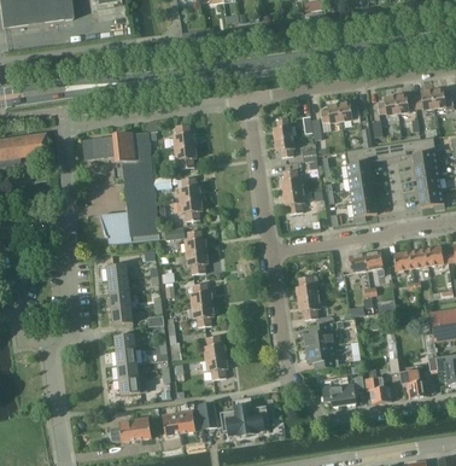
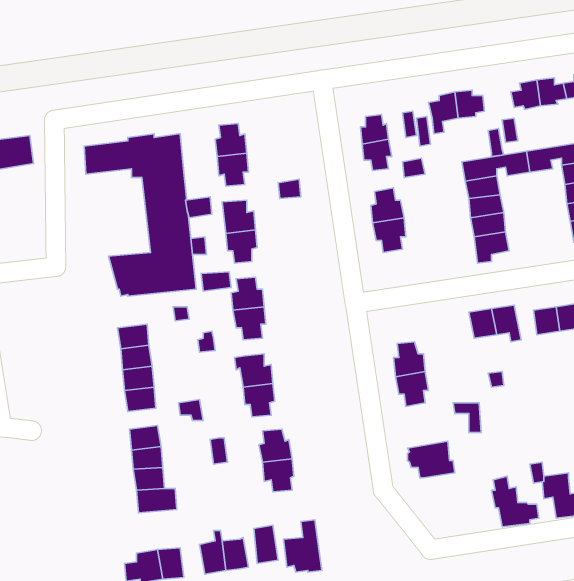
building: [304,322,334,349] -> none
building: [322,377,356,407] -> none
building: [242,396,269,433] -> none

